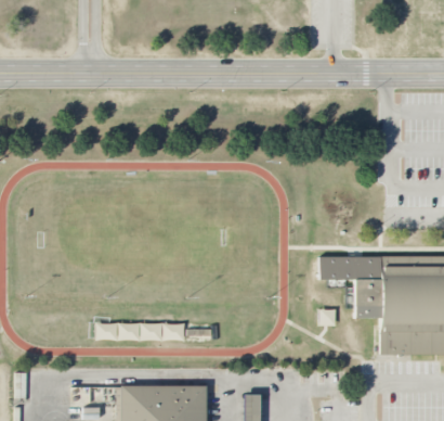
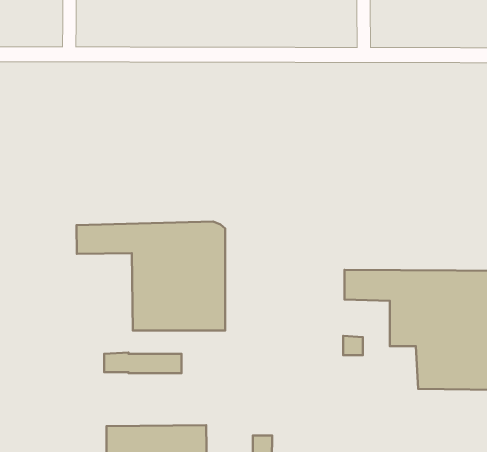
building: none -> [76,222,225,331]

